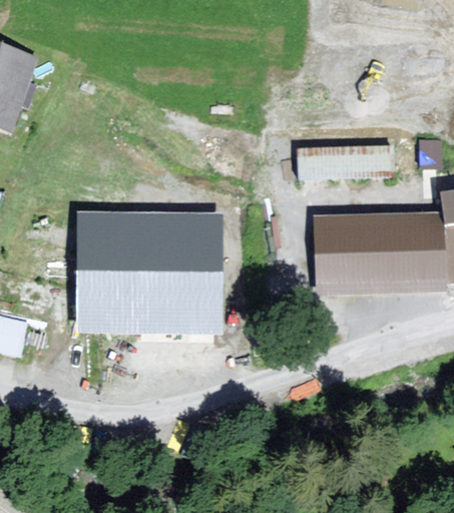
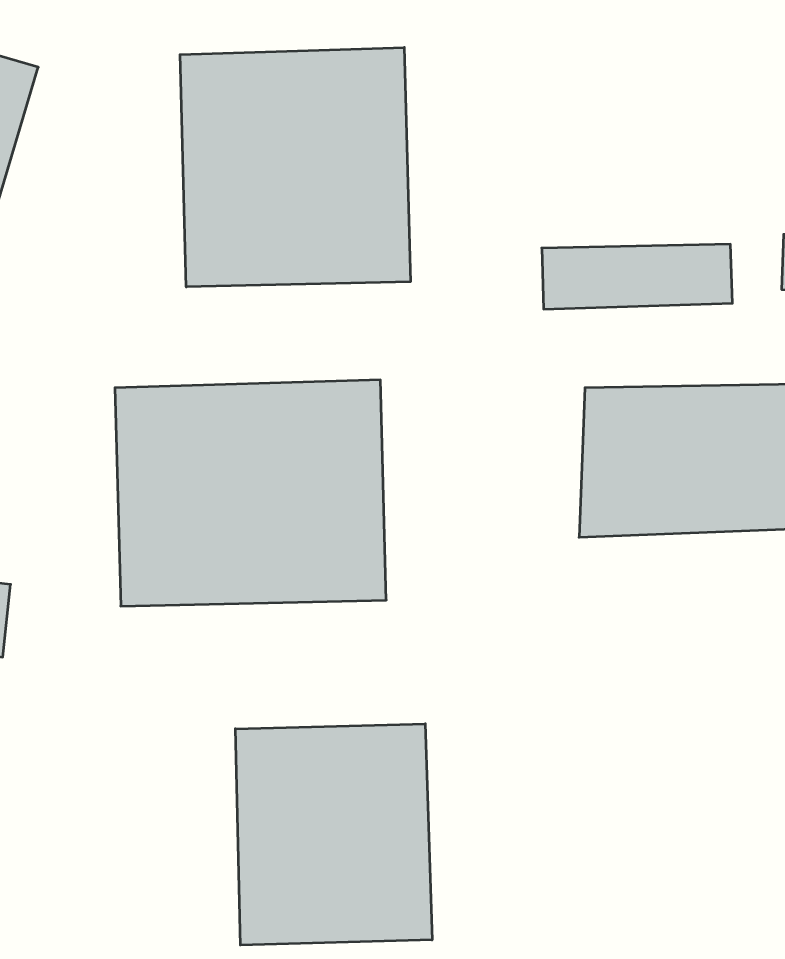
building: none -> [180,47,410,287]
building: none -> [235,724,432,945]

